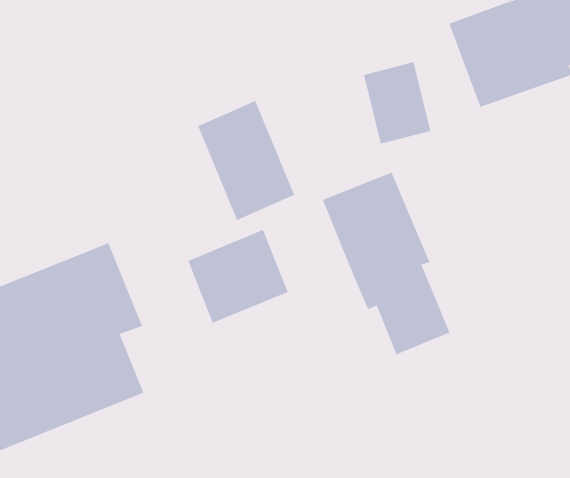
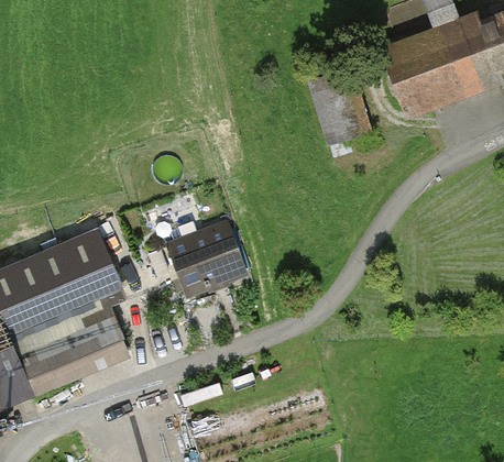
building: [197,100,295,221] -> none
building: [322,172,450,355] -> none

